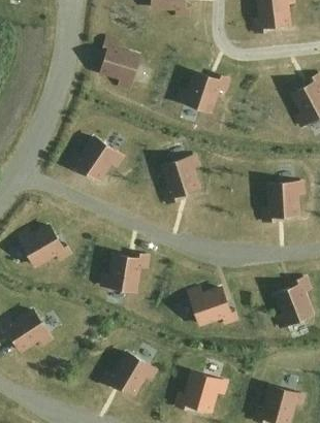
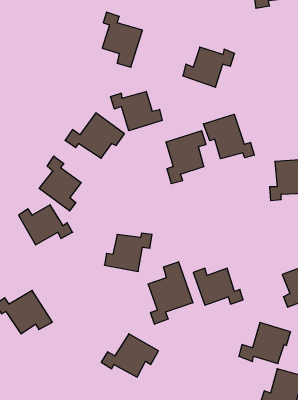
building: none -> [110,91,162,131]
building: none -> [203,114,254,159]
building: none -> [39,156,81,211]
building: none -> [148,262,193,324]
building: [172,371,223,412] -> [239,322,291,364]

